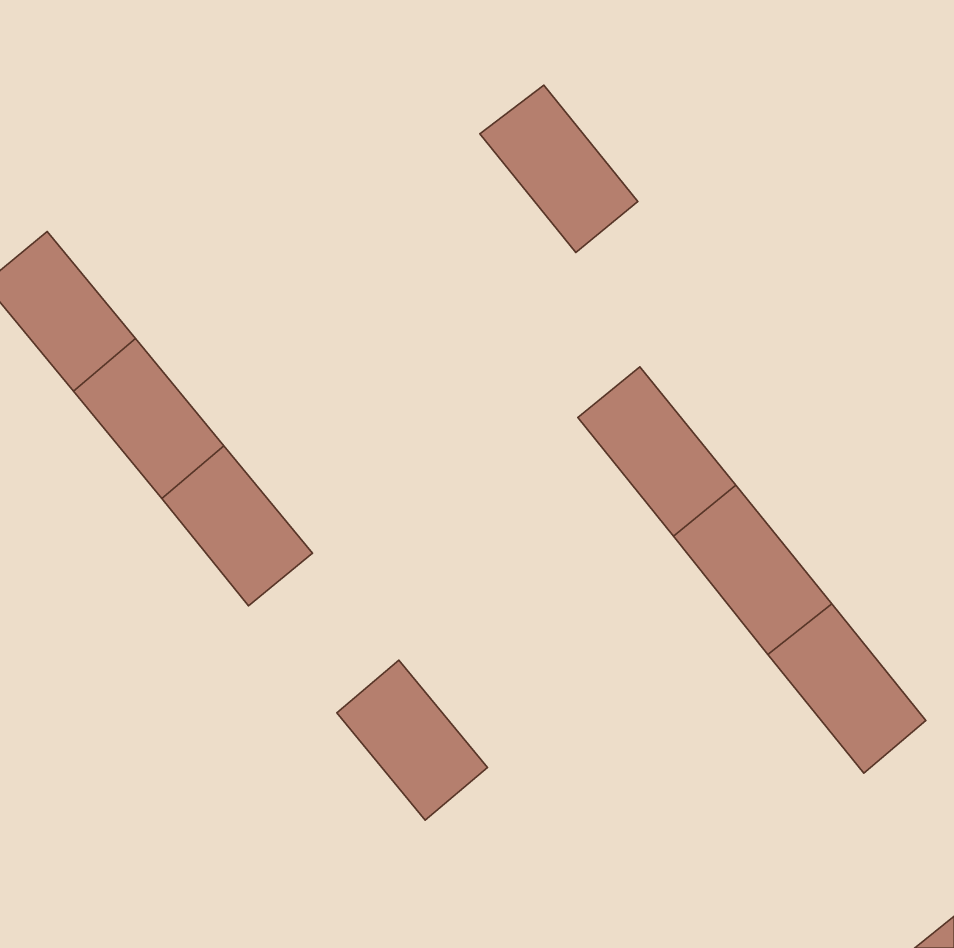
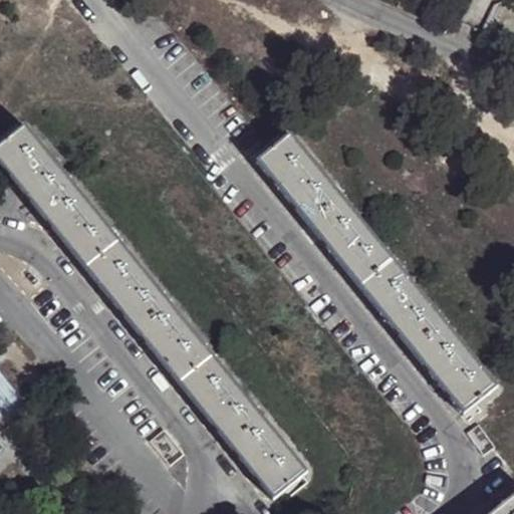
building: [480,85,638,252] -> [257,134,341,223]
building: none -> [133,295,213,380]
building: none -> [227,410,307,495]

